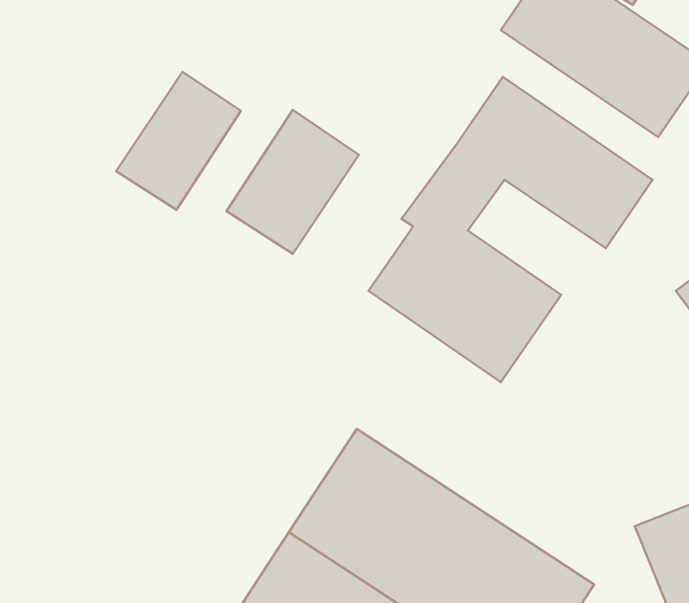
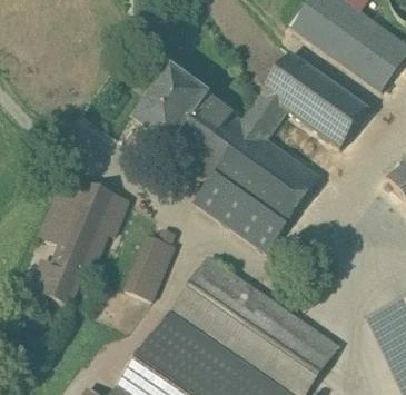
building: [116,72,241,210] -> [169,97,240,176]
building: none -> [26,174,128,313]
building: none -> [192,175,288,256]
building: none -> [120,235,175,305]

